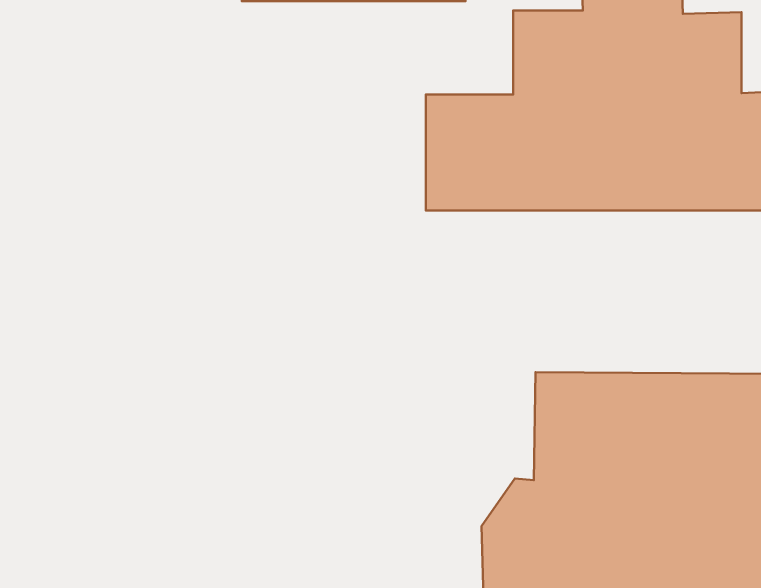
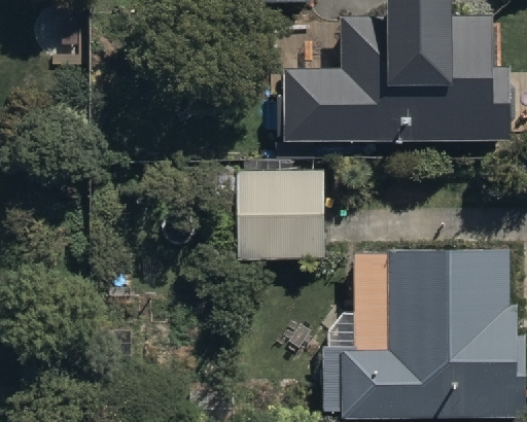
building: none -> [239,161,325,261]

